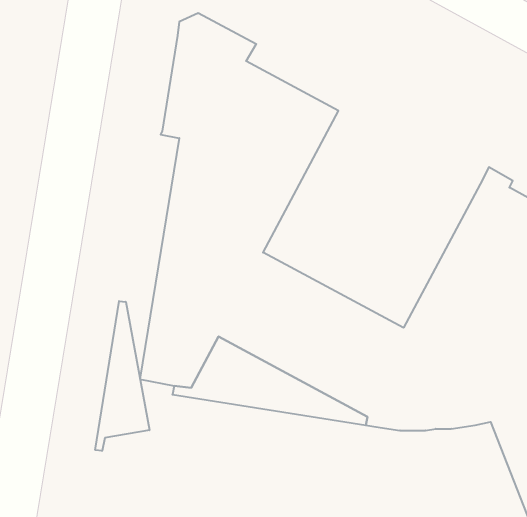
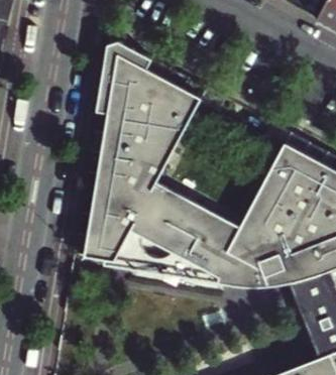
building: [95,301,149,451] -> none

